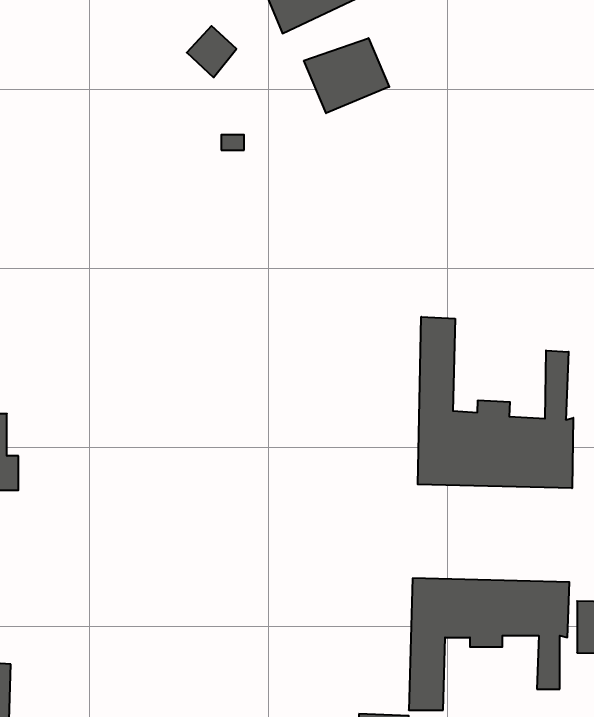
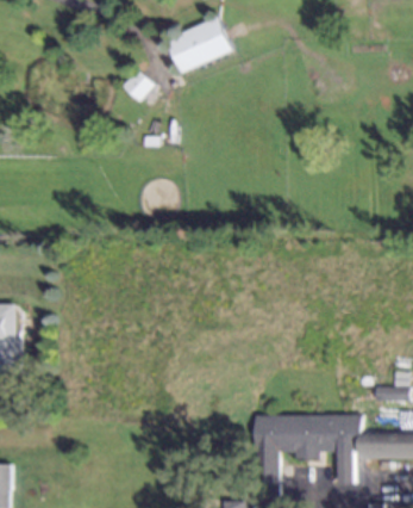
building: [304,38,389,113] -> none
building: [418,317,573,488] -> none

